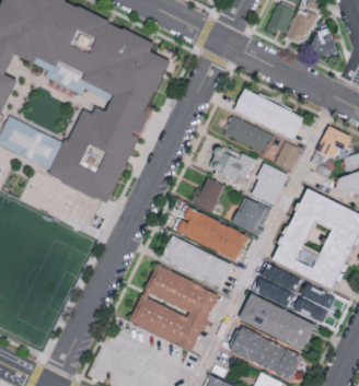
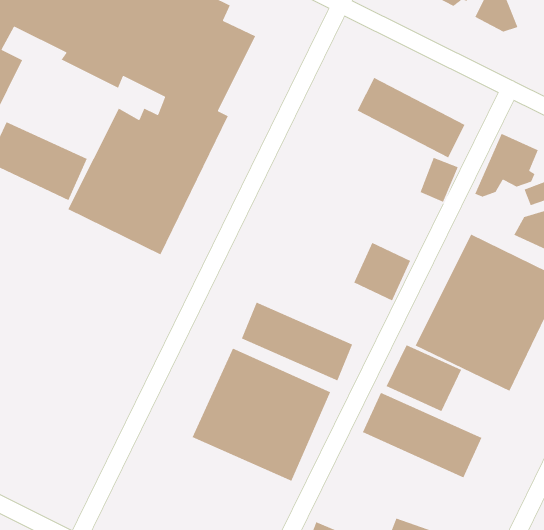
building: [223,116,268,152] -> none
building: [208,145,254,178] -> none
building: [250,161,288,203] -> none
building: [190,175,223,210] -> none
building: [176,207,246,256] -> none
building: [293,282,332,318] -> none
building: [229,326,301,375] -> none

